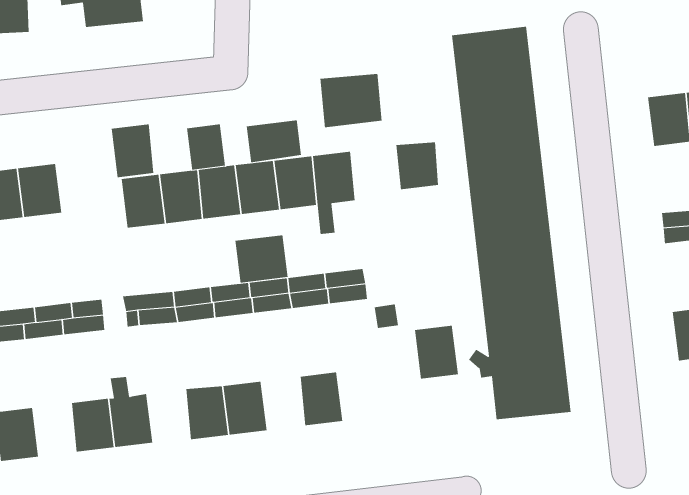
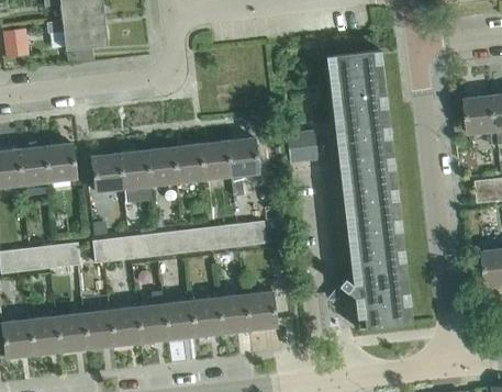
building: [320,73,382,128] -> none
building: [246,120,302,163] -> none
building: [187,123,225,170] -> none
building: [111,124,154,178] -> [44,143,75,181]
building: [235,234,288,283] -> none
building: [414,325,459,379] -> [244,291,276,329]
building: none -> [190,298,221,336]
building: none -> [109,306,140,345]
building: none -> [27,316,58,355]

